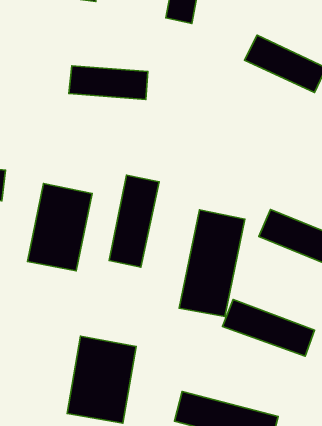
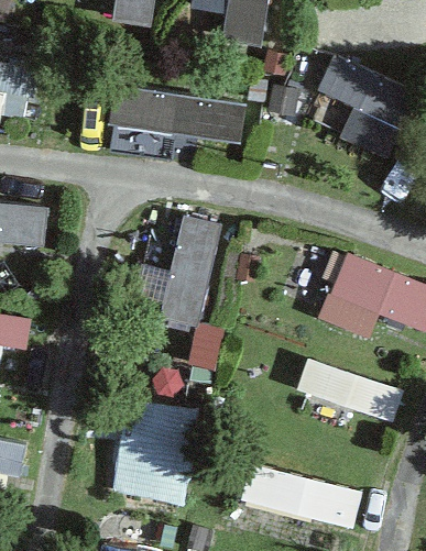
building: [28,184,92,271] -> none
building: [179,210,245,316] -> none

